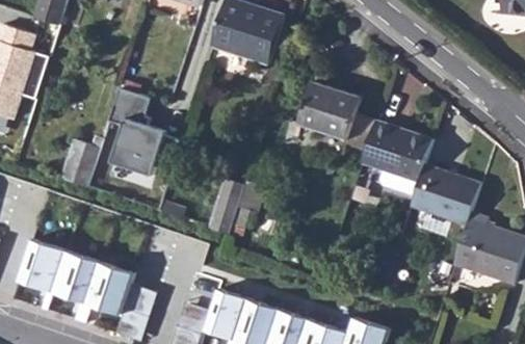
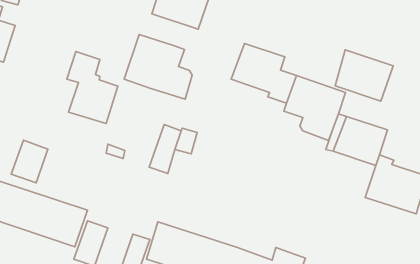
building: none -> [124,35,192,99]
building: none -> [335,50,393,101]
building: [59,138,102,188] -> [11,140,48,183]

